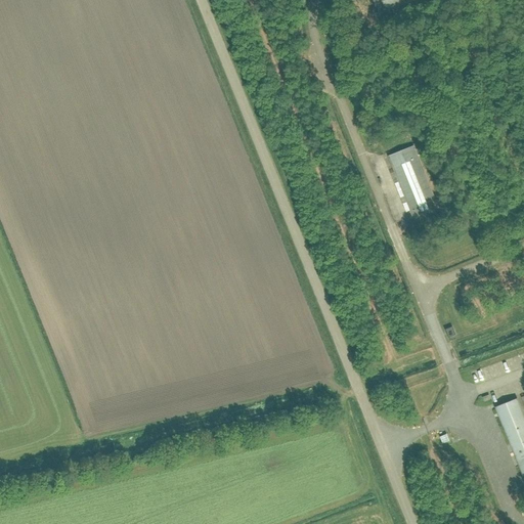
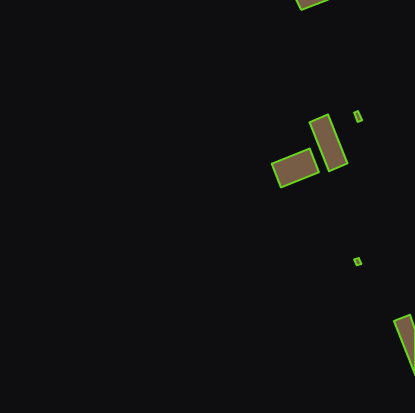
building: none -> [272,148,319,187]

